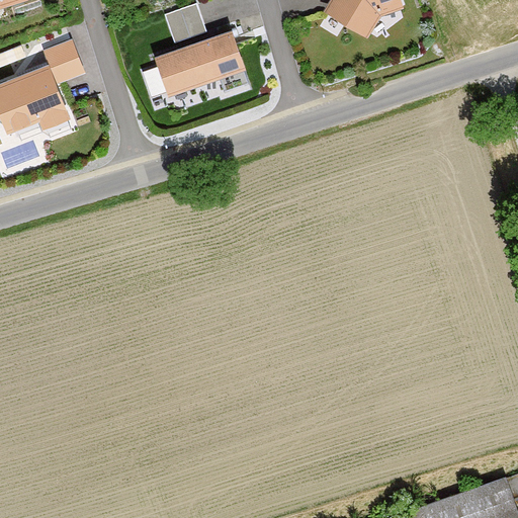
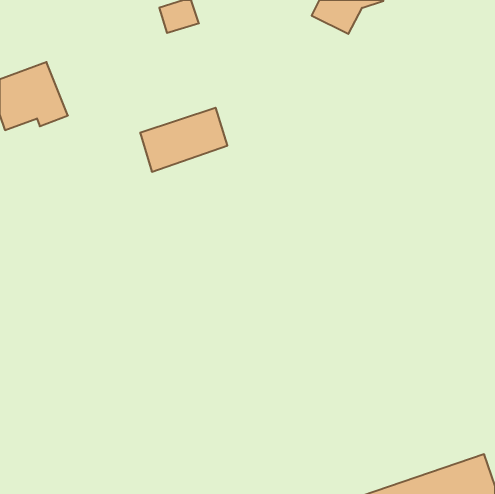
building: [153,31,244,98] -> [140,108,227,172]
building: [42,35,86,81] -> none

